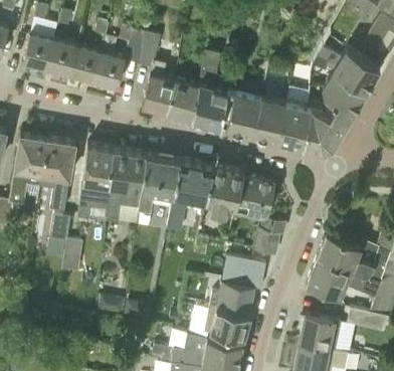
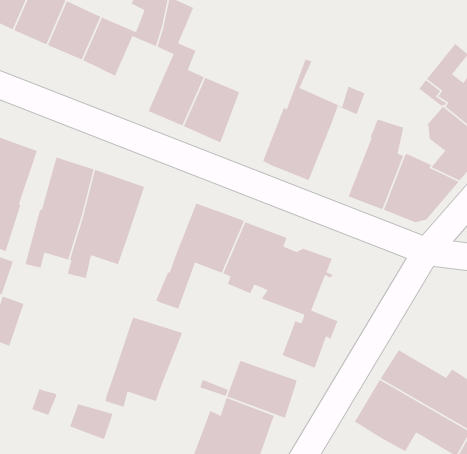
building: [192,50,228,128] -> none
building: [252,96,287,142] -> none
building: [139,156,182,215] -> [105,317,183,408]

